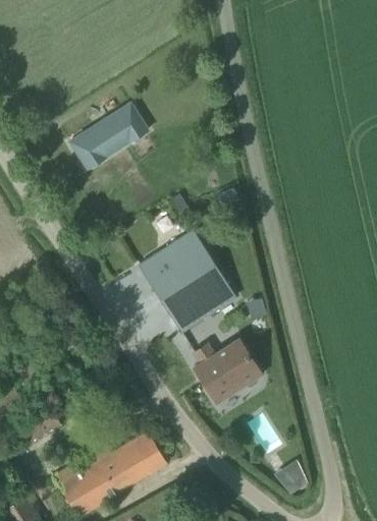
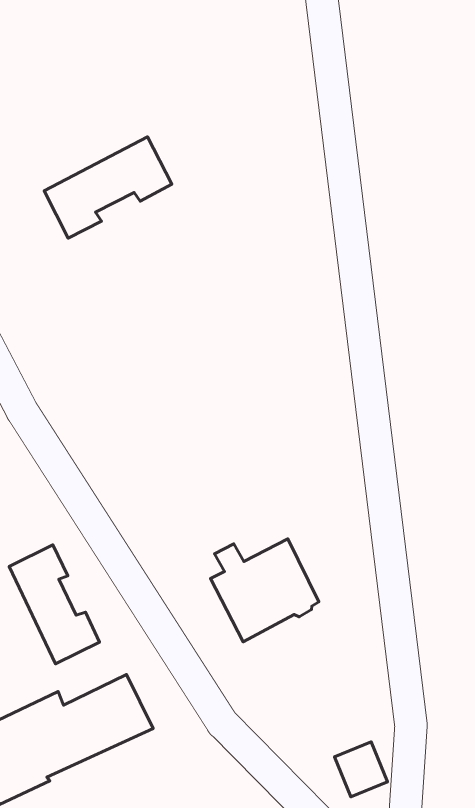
building: [140,230,237,332] -> none
building: none -> [9,545,99,664]

